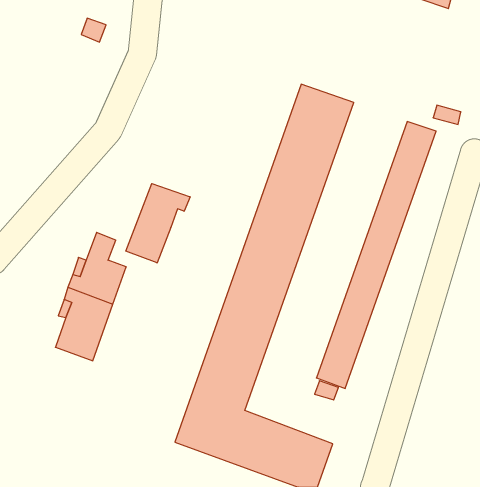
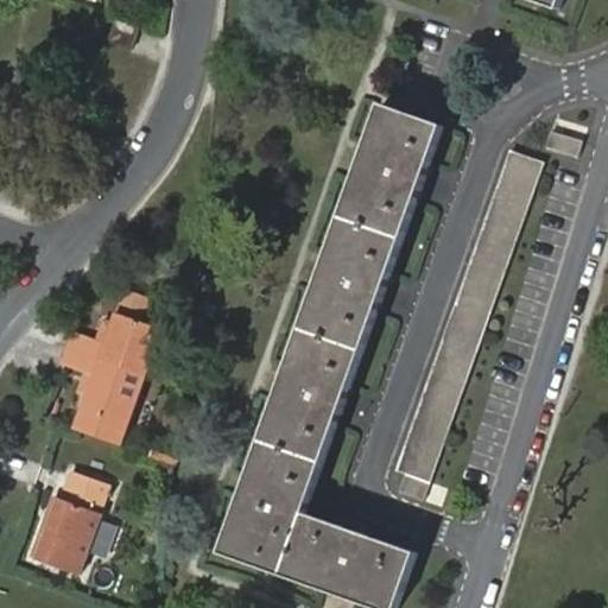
building: [126,184,190,263] -> none
building: none -> [25,473,106,578]

